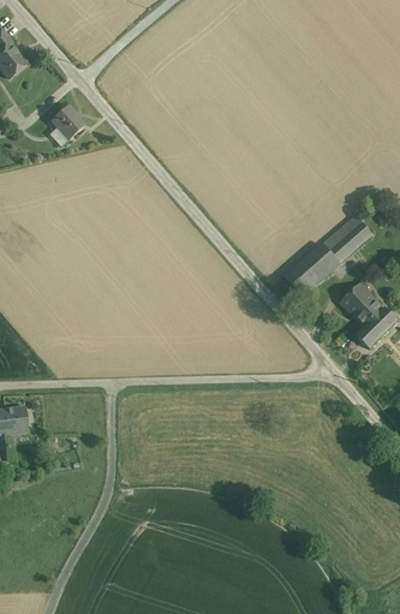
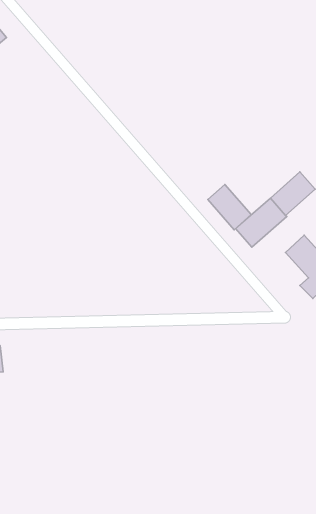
building: [52,106,88,142] -> none
building: none -> [208,185,251,230]

